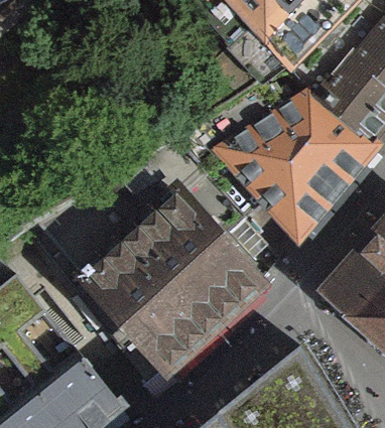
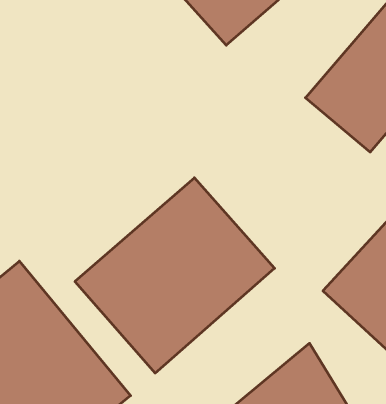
building: [207,101,364,250] -> none

